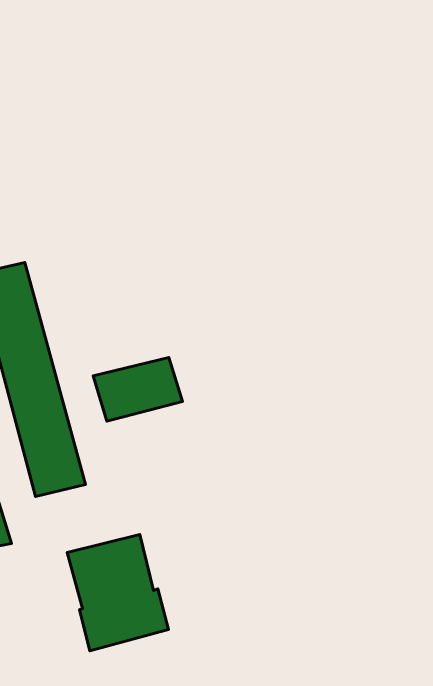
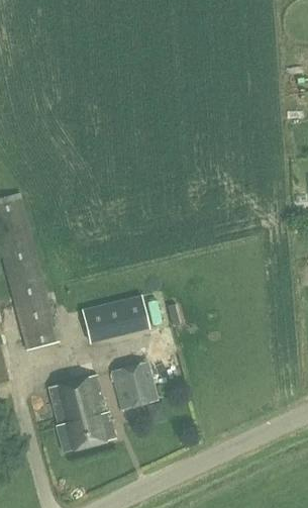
building: [93,358,182,421] -> [91,300,150,342]
building: none -> [112,360,156,406]

